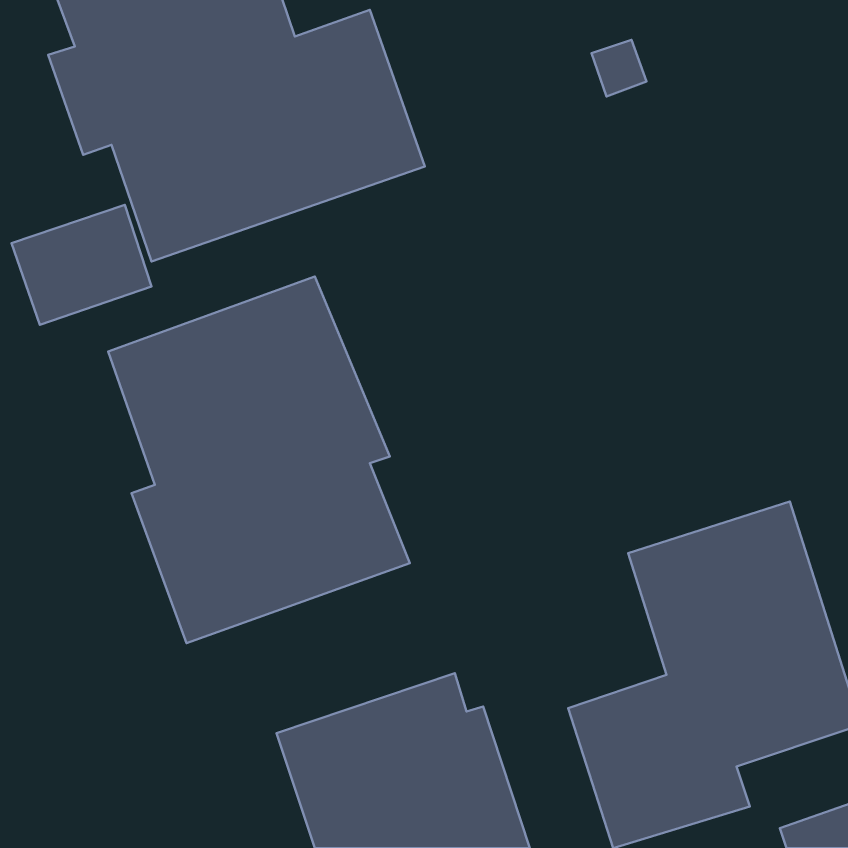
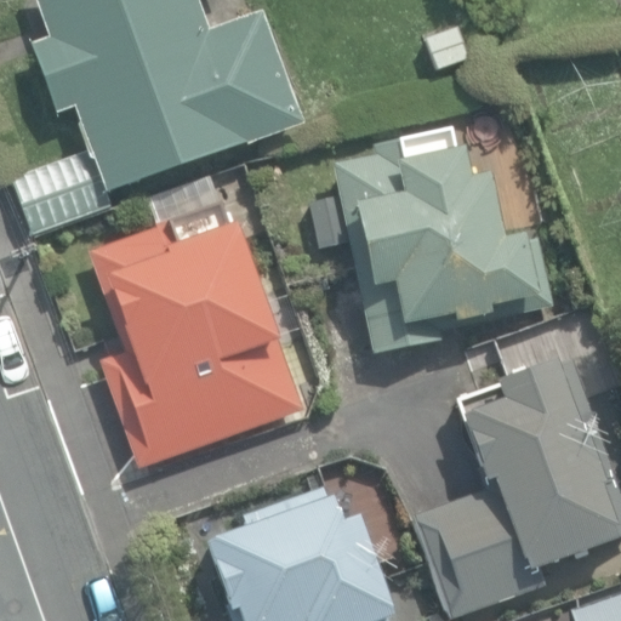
building: none -> [335,127,540,353]

